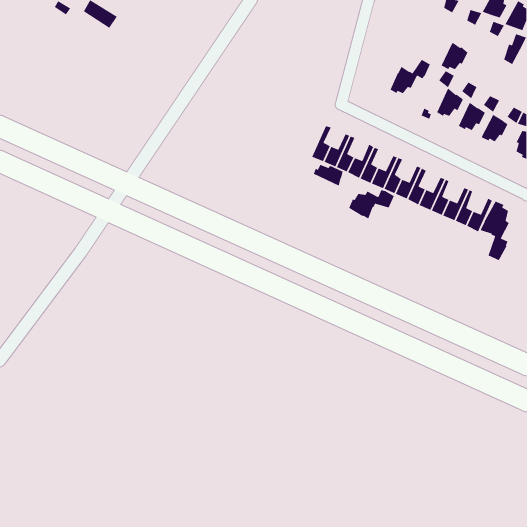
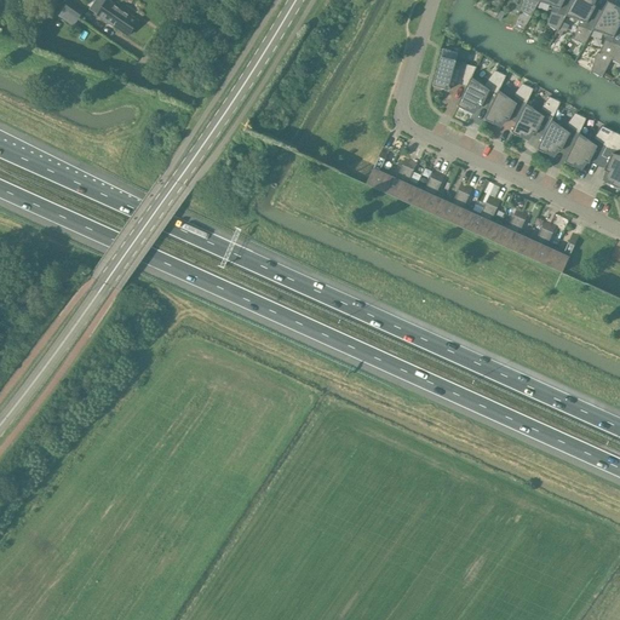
building: none -> [432,47,476,90]
building: [441,41,469,70] -> [483,90,516,124]
building: [313,164,344,186] -> none
building: [348,189,395,220] -> none
building: [480,200,510,261] -> none

